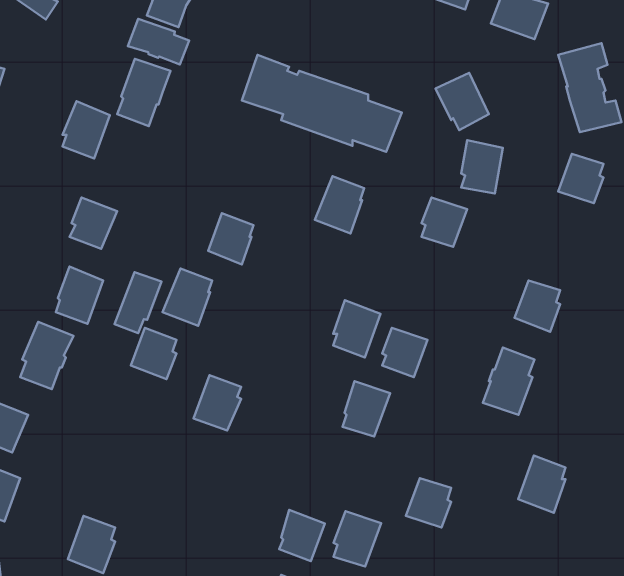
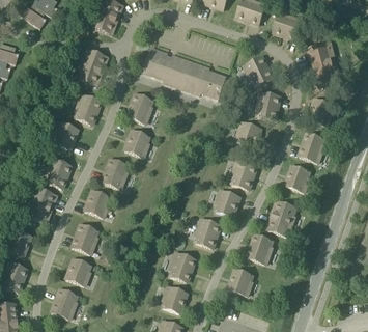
building: [128,19,189,65] -> none
building: [63,101,110,159] -> [75,94,100,125]
building: [315,176,364,234] -> [125,94,151,125]
building: none -> [299,133,323,163]
building: [114,272,162,333] -> none
building: [333,300,381,357] -> [231,160,256,190]
building: [194,375,241,430] -> [72,225,96,254]
building: [518,456,566,513] -> [247,234,272,265]
building: none -> [65,259,89,286]
building: [334,511,381,567] -> [169,253,194,282]

